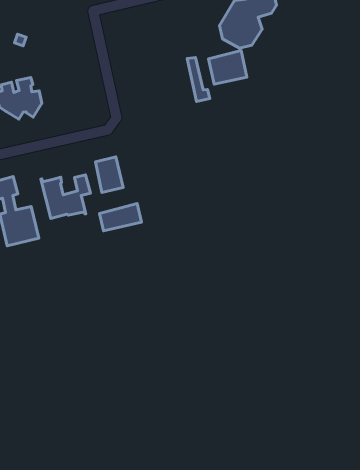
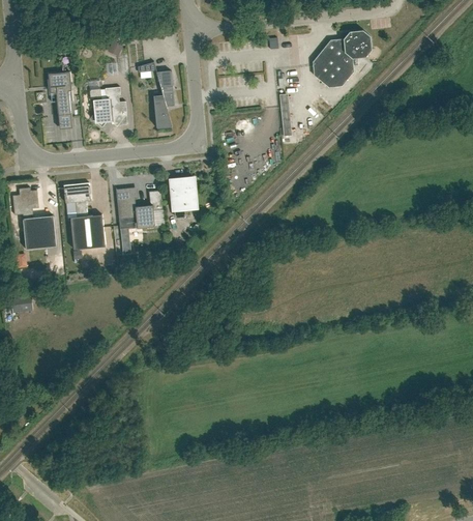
building: none -> [138,61,175,128]
building: [209,51,247,84] -> none
building: [100,204,142,231] -> none

